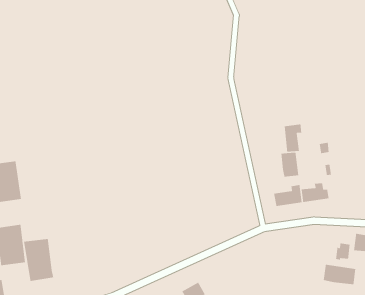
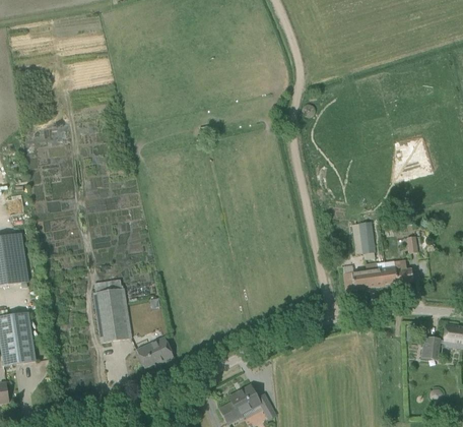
building: [284,123,302,152] -> none
building: [23,238,54,282] -> [92,288,131,343]
building: none -> [136,337,174,368]
building: [323,264,356,285] -> none

